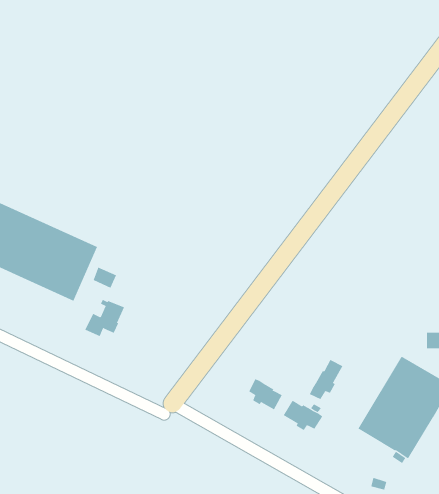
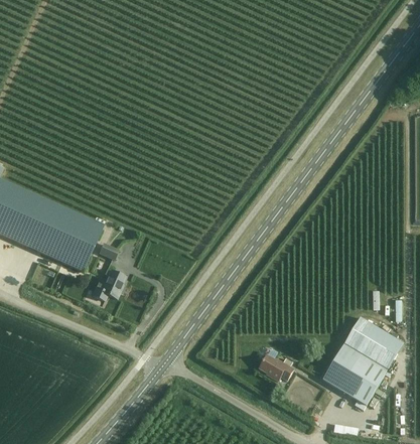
building: [309,359,343,400] -> none
building: [249,379,282,410] -> none

